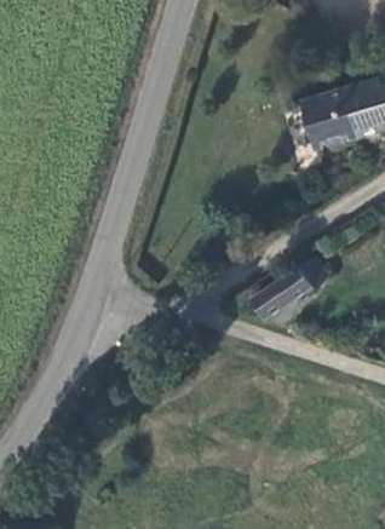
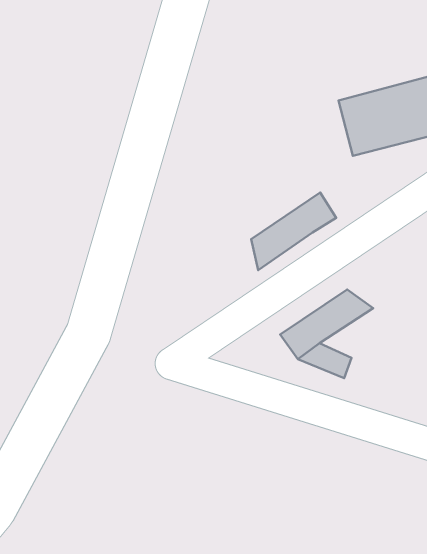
building: none -> [251,193,336,270]

